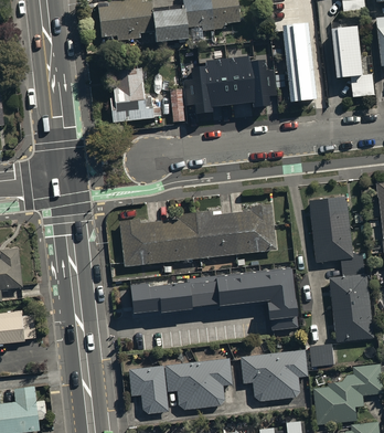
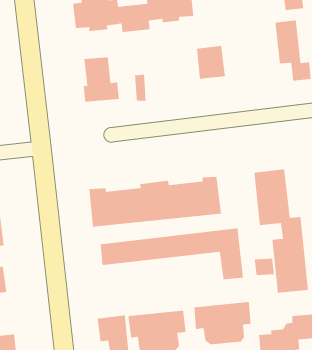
building: [280,22,316,102] -> none
building: [193,52,239,104] -> none
building: [310,344,334,365] -> [254,258,275,276]

